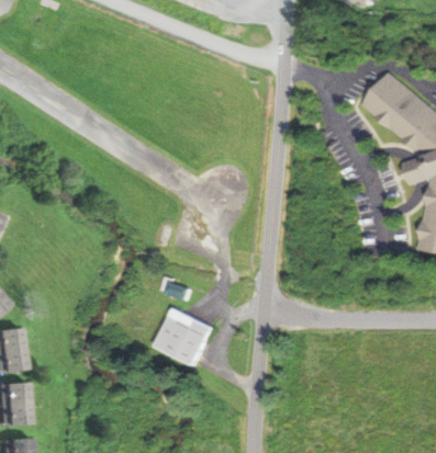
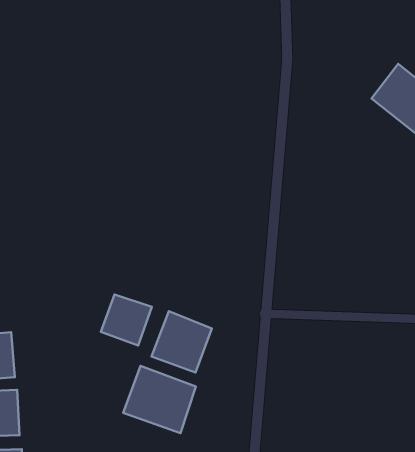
building: none -> [101,295,152,346]
building: none -> [123,366,196,433]

